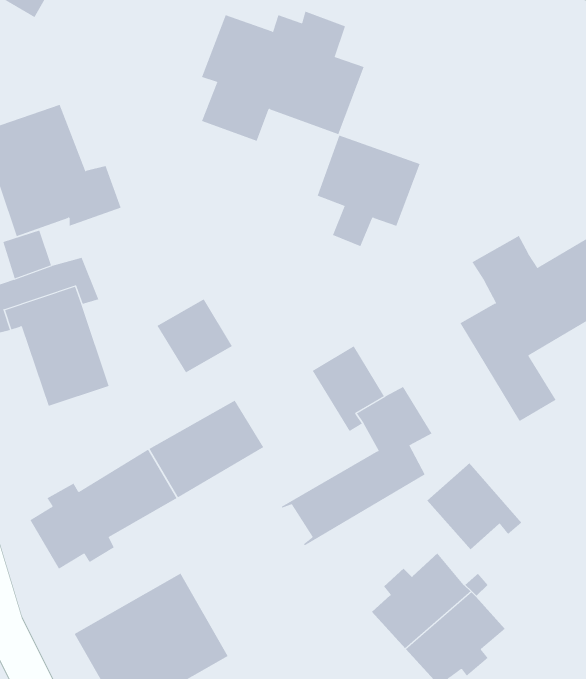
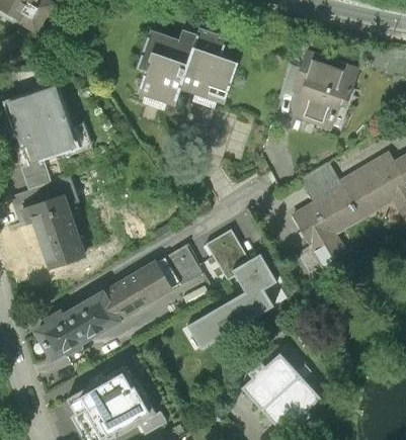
building: [317,135,420,247] -> [294,52,355,118]
building: [156,299,233,373] -> [159,245,205,289]
building: [427,463,522,550] -> none

